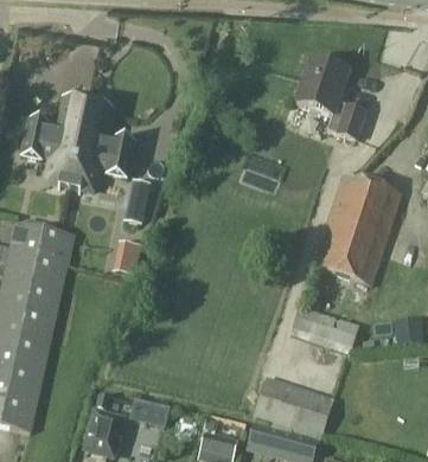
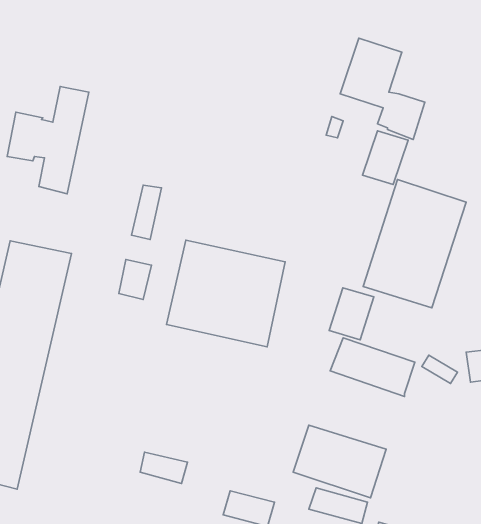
building: [70,101,135,190] -> none
building: none -> [363,131,408,184]
building: none -> [167,240,285,347]
building: none -> [329,288,374,340]
building: [88,410,127,451] -> none

